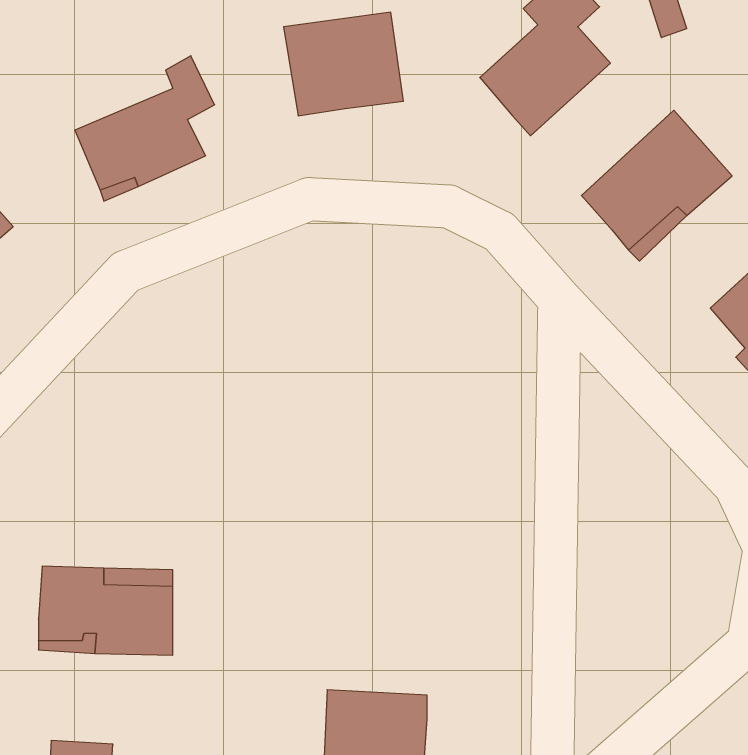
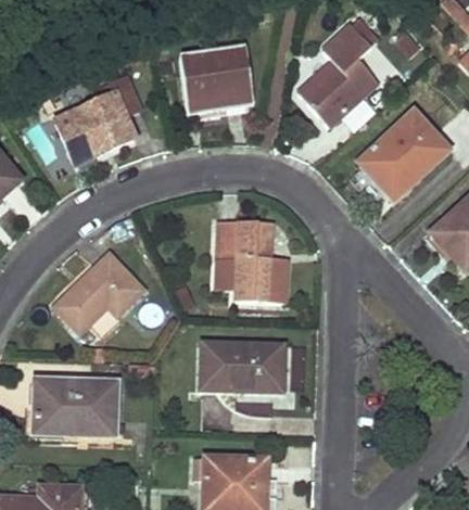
building: none -> [216,220,288,298]
building: none -> [54,252,145,335]
building: none -> [202,342,282,390]

